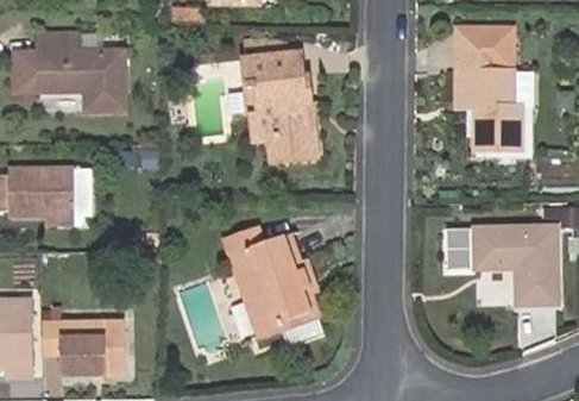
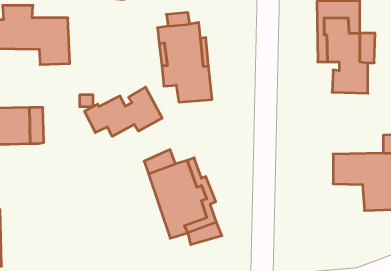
building: none -> [85,87,162,136]
building: [447,228,474,268] -> none
building: [42,321,122,374] -> none

